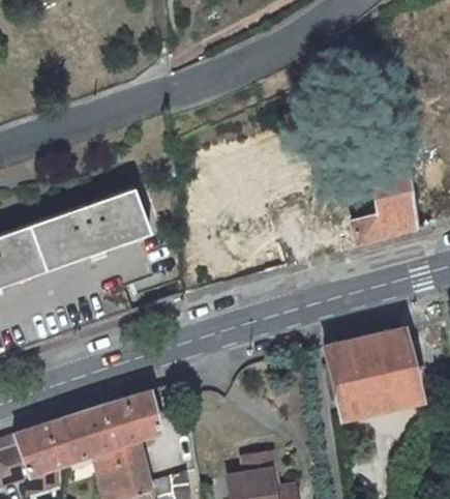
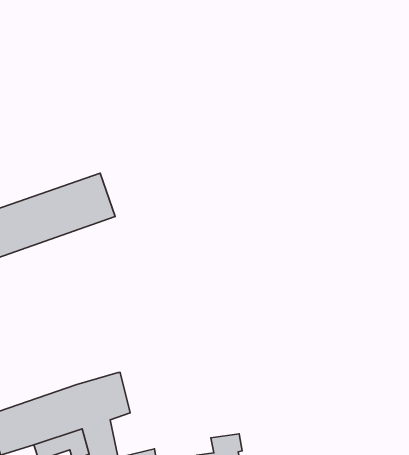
building: [353,196,422,248] -> none
building: [324,329,420,419] -> none

